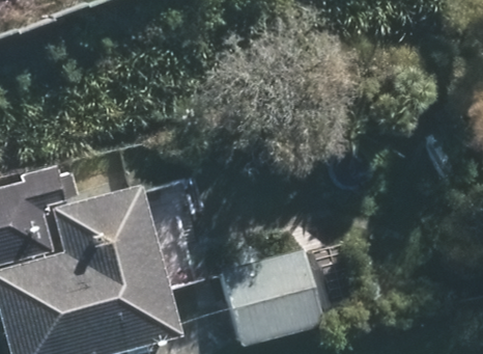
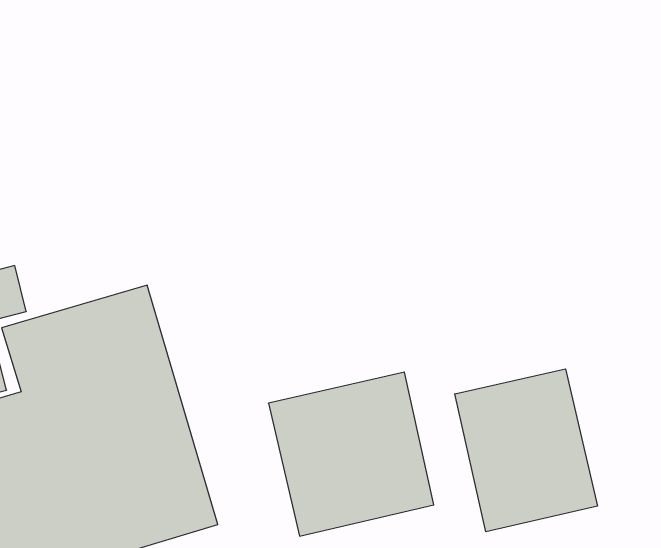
building: none -> [455,369,597,532]

